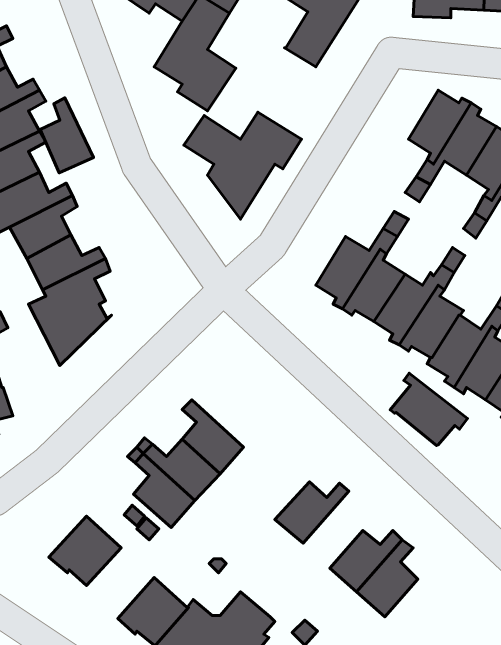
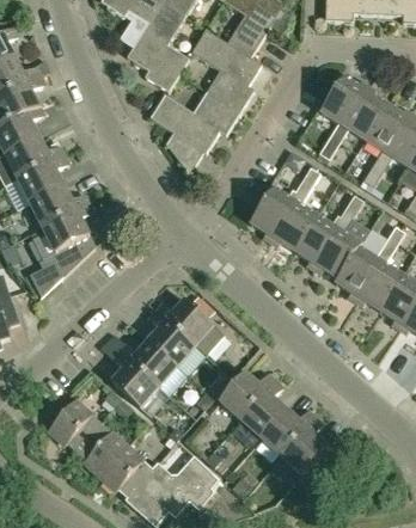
building: none -> [190,29,262,112]
building: [40,98,94,173] -> none
building: [390,373,468,445] -> none
building: none -> [155,300,224,356]
building: none -> [240,380,286,438]
building: none -> [75,423,127,477]

